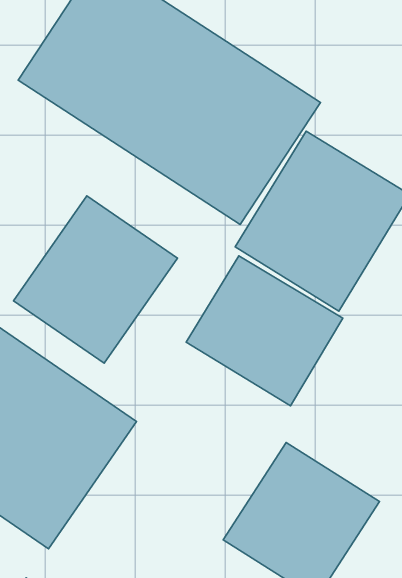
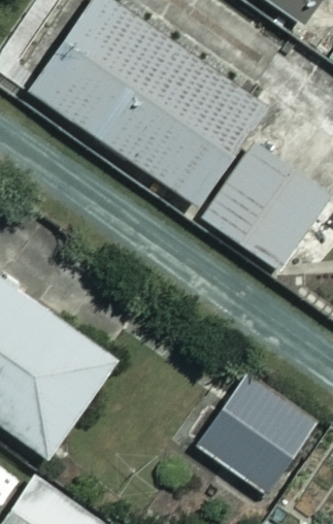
building: [13,196,178,363] -> none
building: [186,256,343,406] -> none

